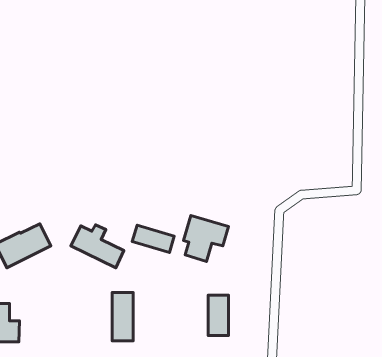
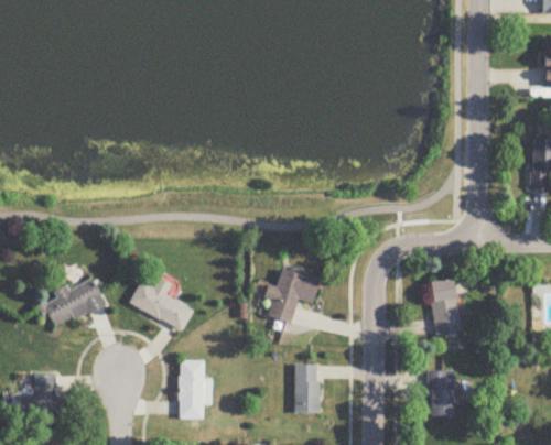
building: none -> [430,279,461,335]
building: [132,225,174,252] -> none
building: none -> [429,371,463,416]

